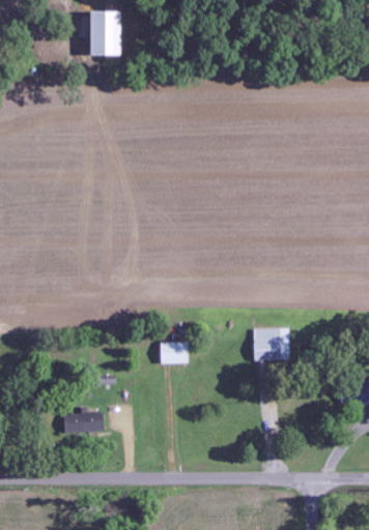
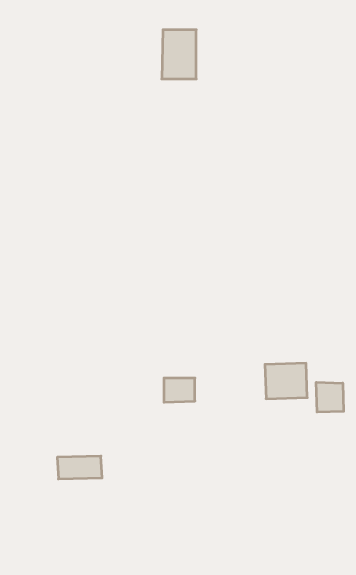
building: [91,12,122,57] -> [162,30,196,79]
building: none -> [316,382,344,412]

